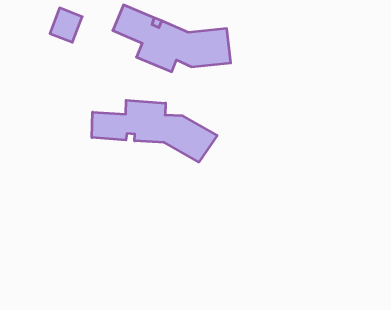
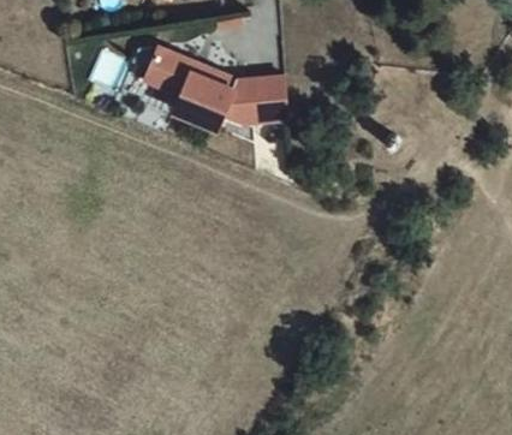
building: [92,100,217,162] -> none

